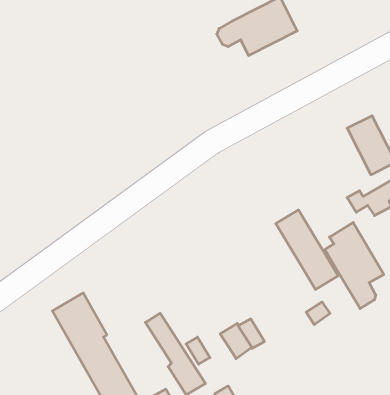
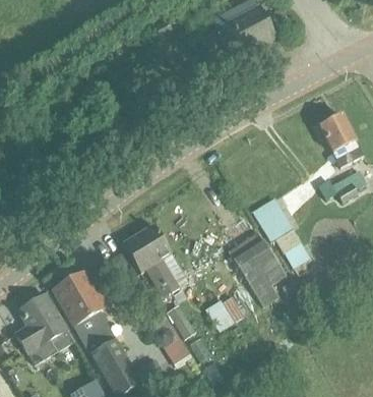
building: [325,222,384,309] -> [232,232,285,309]
building: none -> [121,223,180,295]
building: none -> [15,293,72,352]

